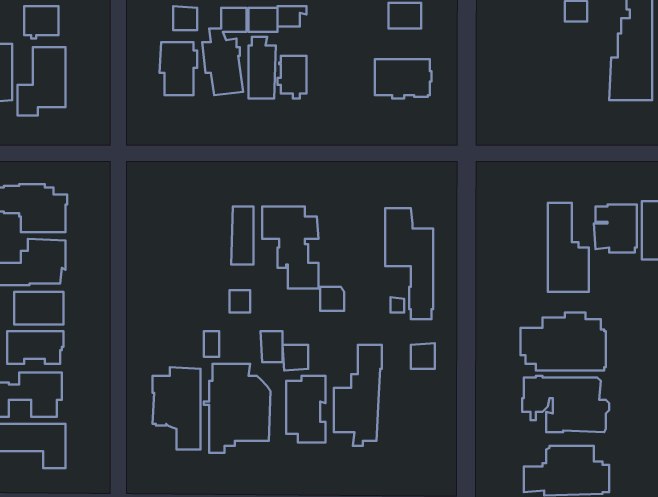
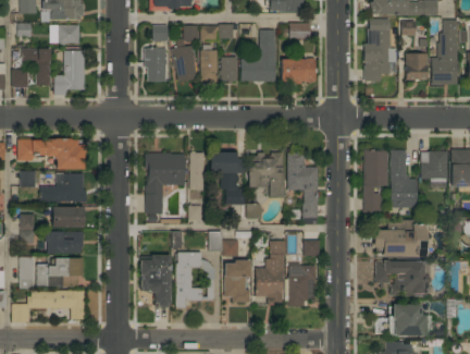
building: none -> [363,28,396,82]
building: none -> [240,29,275,82]
building: none -> [405,53,428,80]
building: none -> [363,149,387,212]
building: none -> [247,152,283,198]
building: none -> [145,154,185,215]
building: none -> [285,264,316,306]

